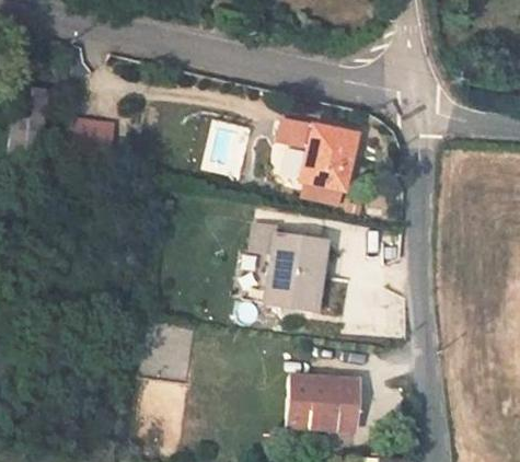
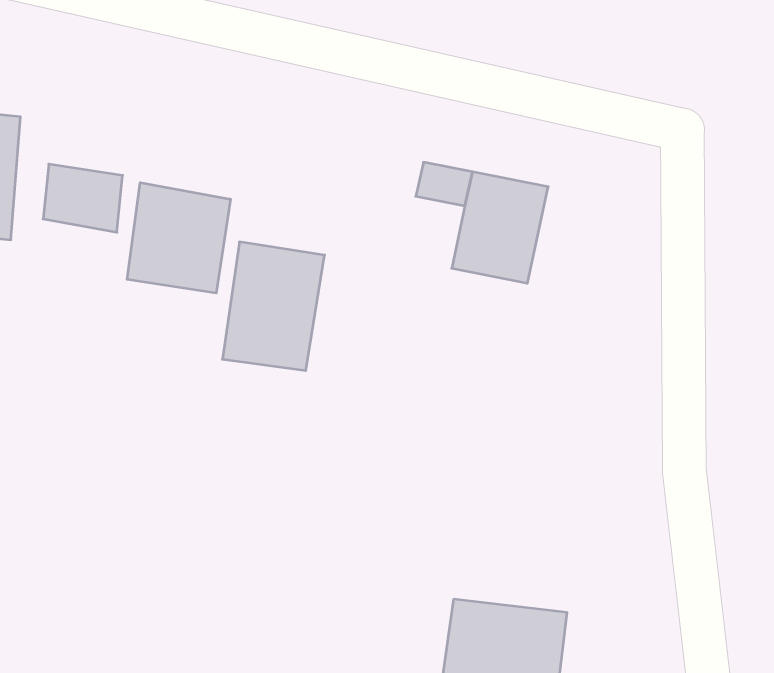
building: none -> [127,183,230,293]
building: [266,235,325,310] -> [222,242,325,371]

